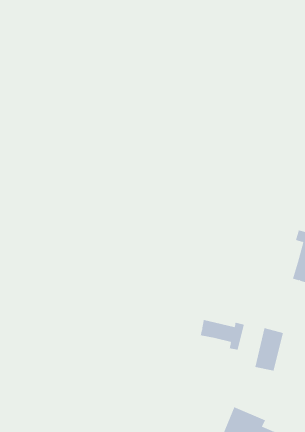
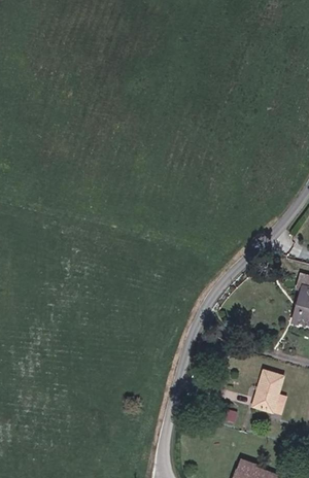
building: [200,319,244,351] -> none

